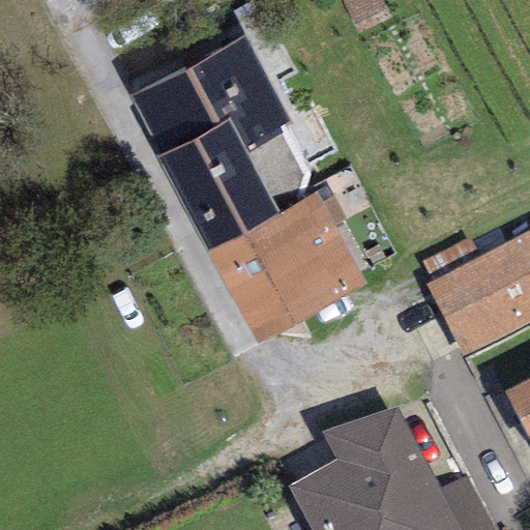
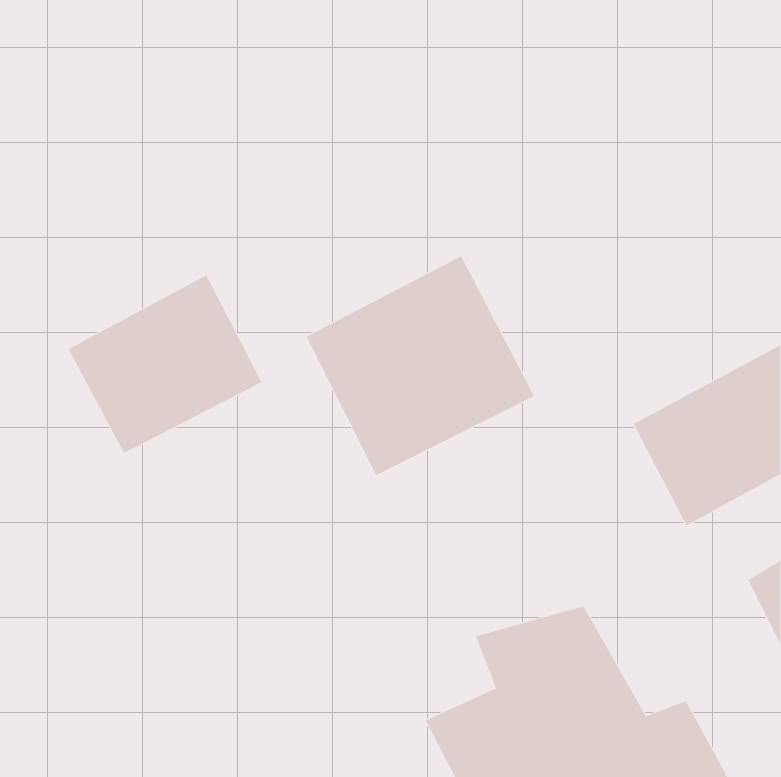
building: [129,22,313,231] -> none
building: none -> [68,274,262,454]

